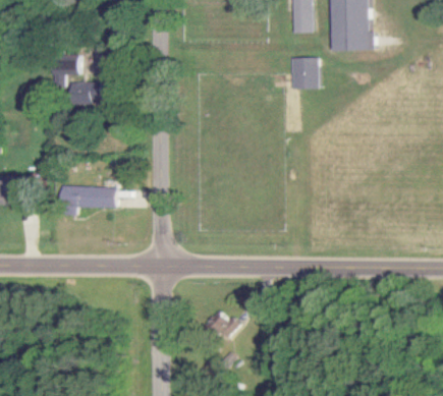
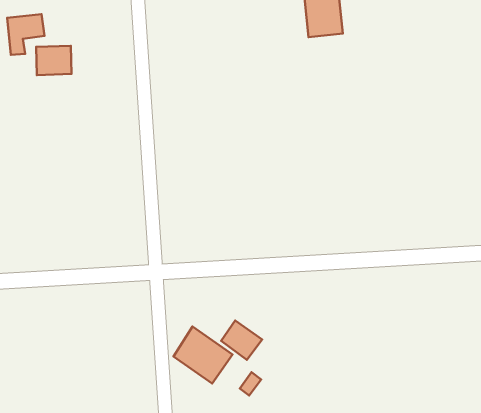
building: [61,186,115,214] -> none
building: none -> [174,327,233,383]

